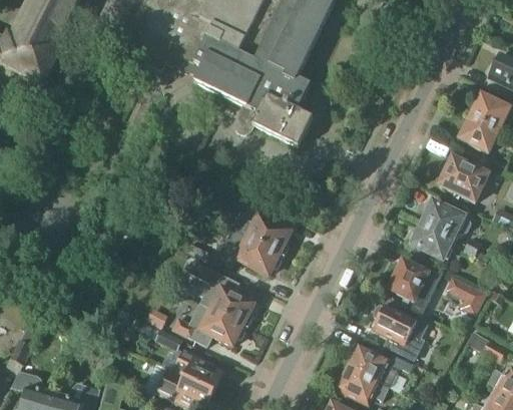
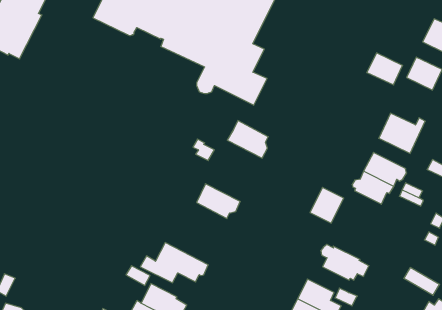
building: [459,116,499,152] -> [367,53,403,85]
building: [244,214,291,256] -> [227,121,268,158]
building: [187,259,254,327] -> none
building: [390,261,428,301] -> [310,187,344,223]
building: [445,276,487,315] -> none

